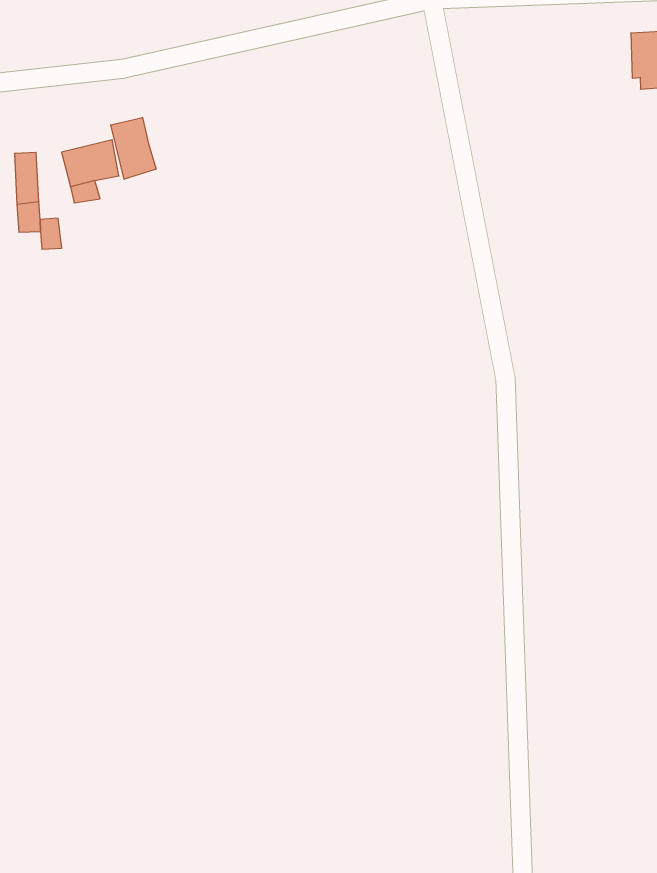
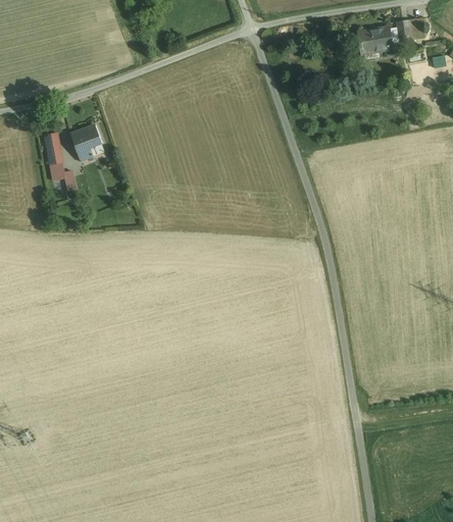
building: [111,117,156,179] -> none

